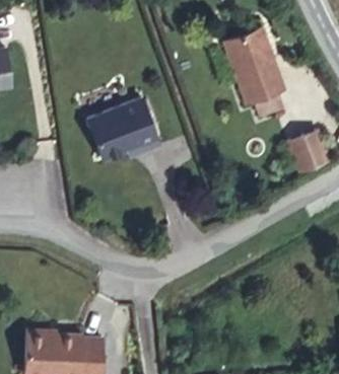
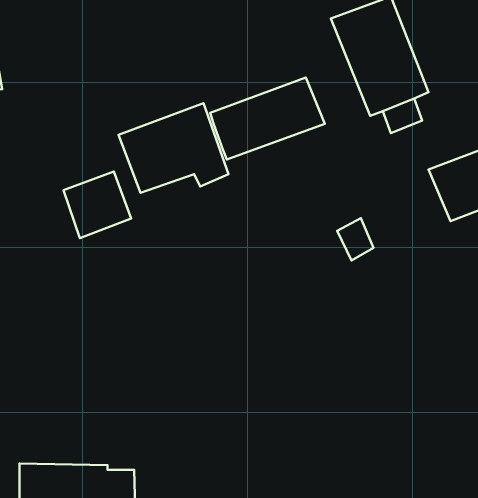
building: none -> [210,77,325,159]
building: none -> [64,171,131,238]

